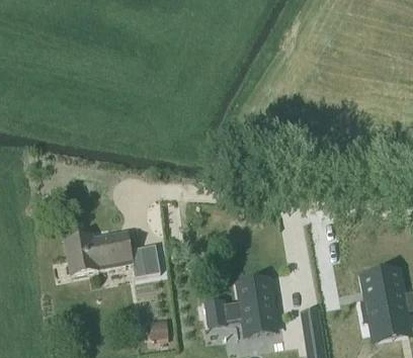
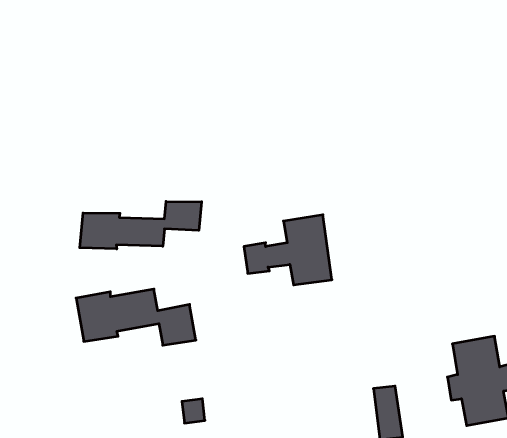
building: none -> [80,201,202,249]
building: [205,278,275,334] -> [244,215,332,285]

